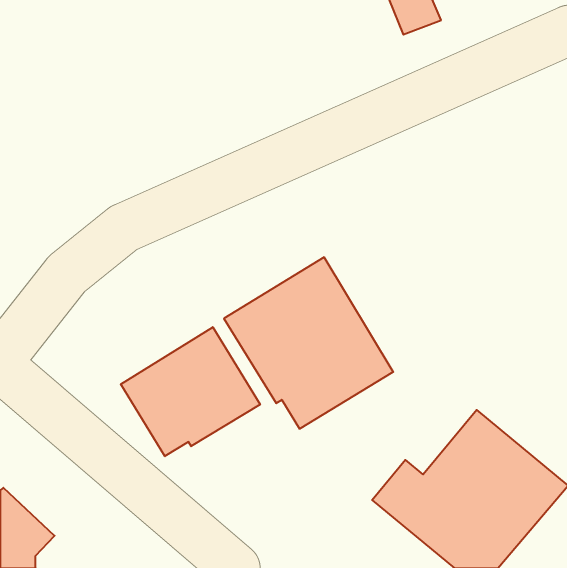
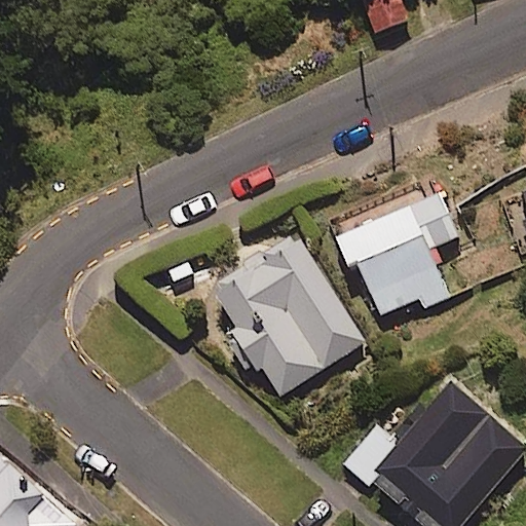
building: none -> [344,192,458,314]
building: [121,327,260,456] -> none

